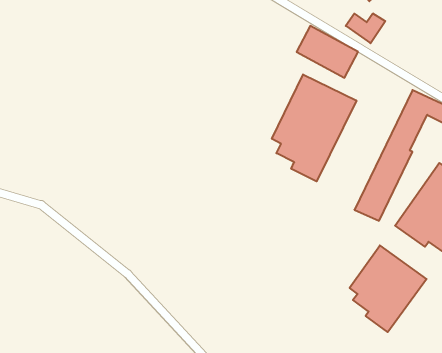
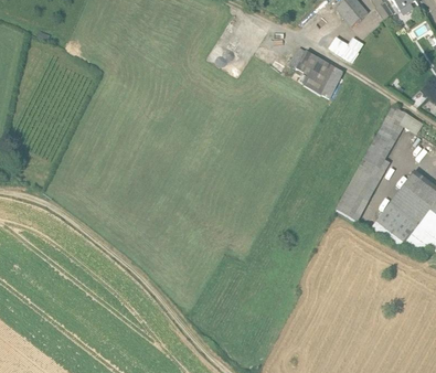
building: [272,74,356,181] -> none
building: [350,245,427,332] -> none

